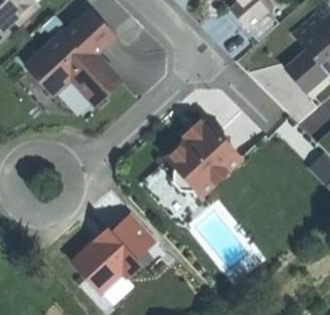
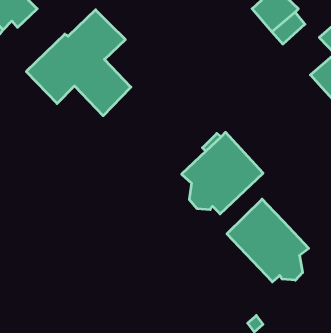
building: none -> [227,199,309,282]
building: [75,205,171,297] -> none

